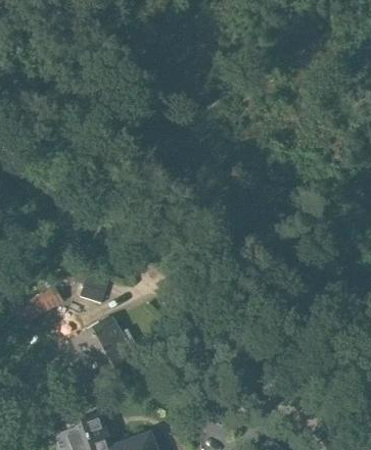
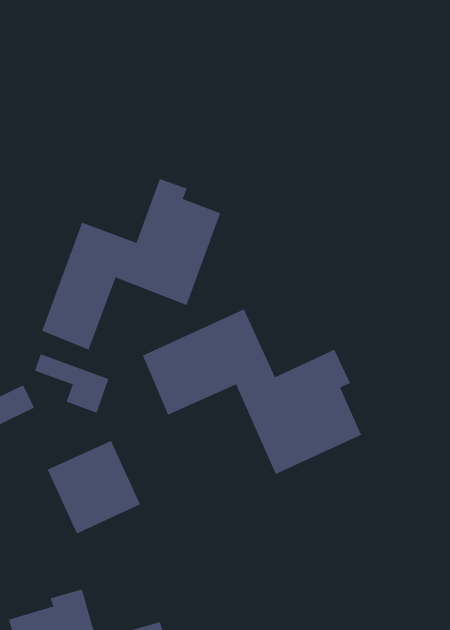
building: none -> [41,178,221,350]
building: none -> [142,309,362,475]

